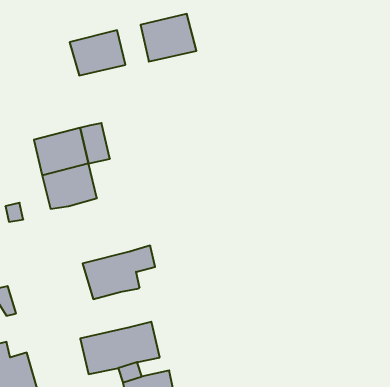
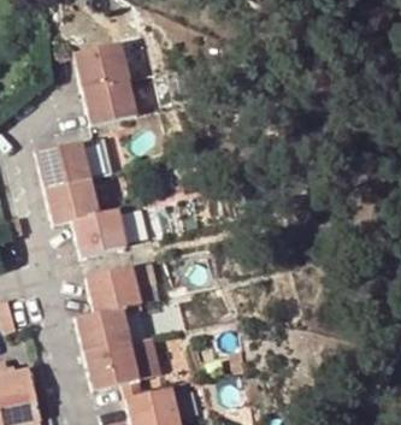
building: [141,14,196,62] -> [83,77,140,125]
building: none -> [72,207,131,256]
building: none -> [76,303,146,354]

